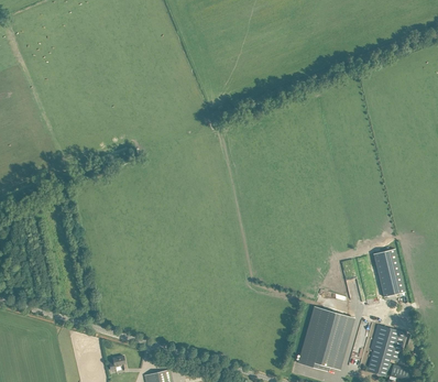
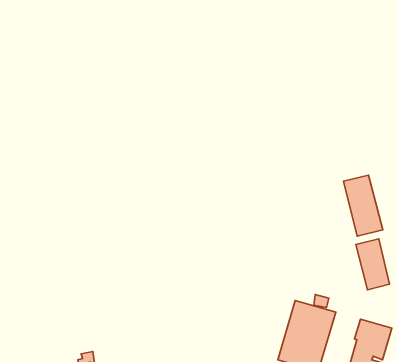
building: none -> [344,175,383,236]

